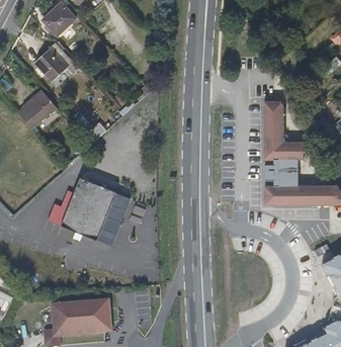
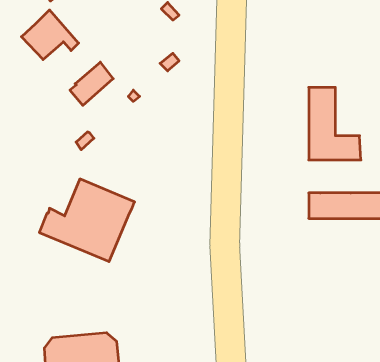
building: [21,94,56,128] -> [70,62,113,105]
building: [262,161,296,187] -> none

